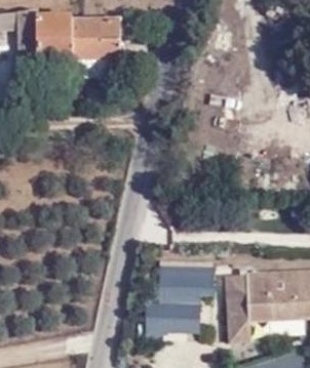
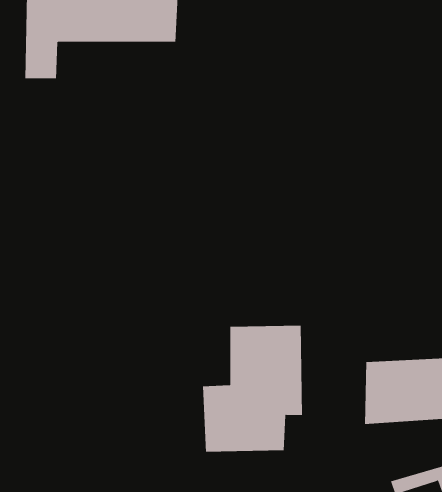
building: [227,277,249,343] -> none

